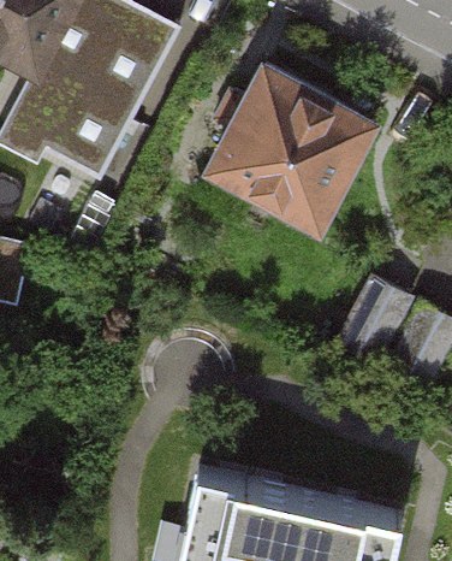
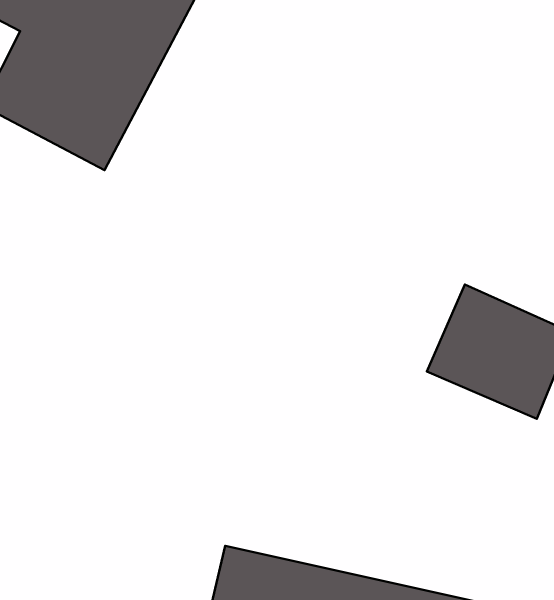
building: [207,63,375,229] -> none

